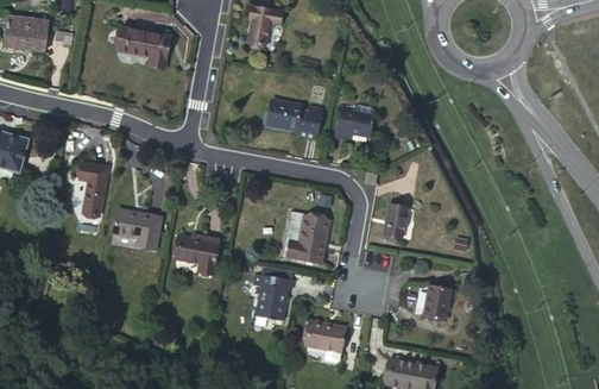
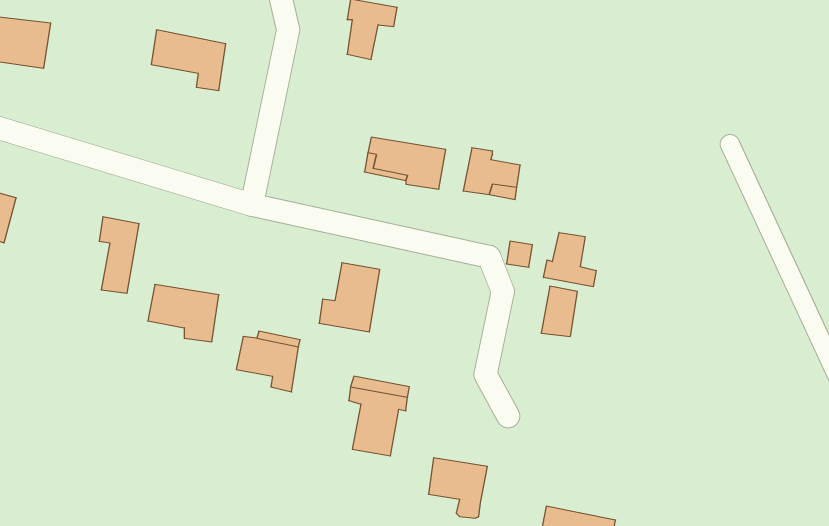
building: none -> [544,232,596,287]
building: [286,218,328,265] -> [319,263,380,332]
building: [422,281,452,318] -> none

